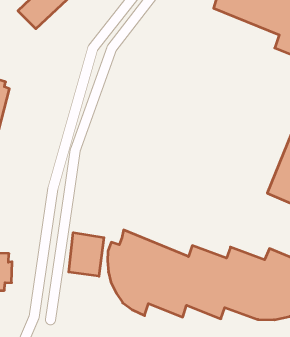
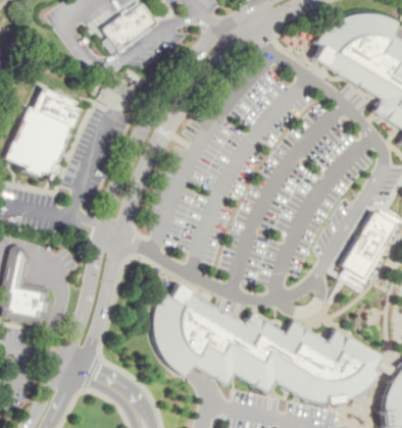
building: [69,233,104,276] -> none

